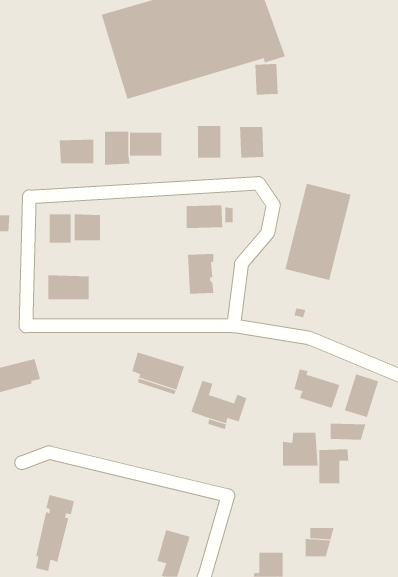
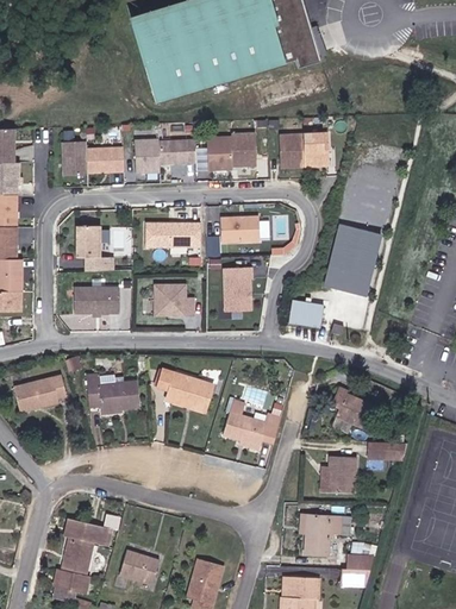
building: [255,64,278,95] -> [299,132,324,165]
building: none -> [205,134,230,169]
building: none -> [58,140,86,174]
building: none -> [143,220,199,247]
building: none -> [151,283,194,316]
building: none -> [288,299,323,326]
building: none -> [87,382,140,410]
building: [344,374,379,418] -> none
building: [319,449,349,484] -> [307,513,339,550]
building: none -> [120,551,158,586]

